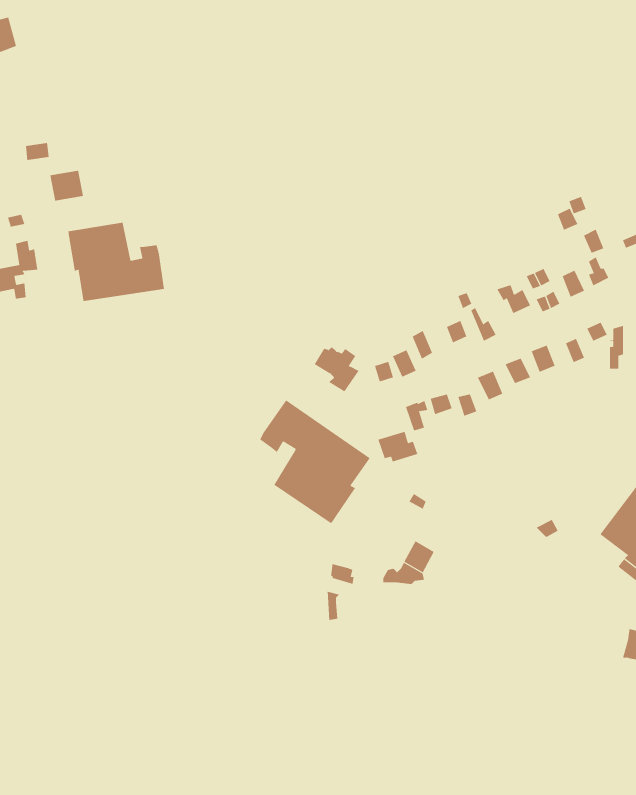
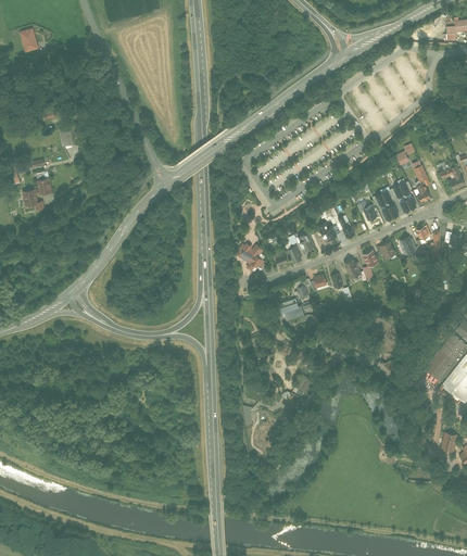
building: [68,222,165,302] -> none
building: [259,399,370,524] -> none

